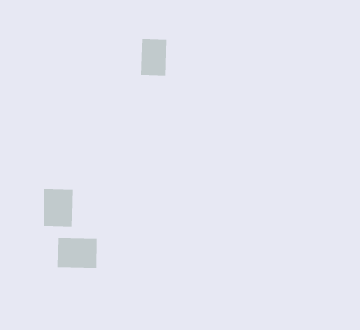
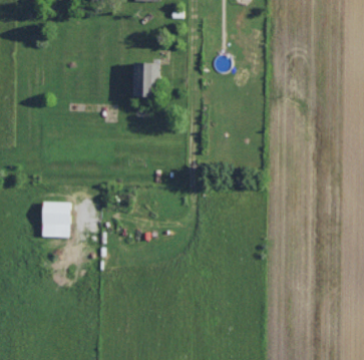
building: [57,237,97,269] -> none

